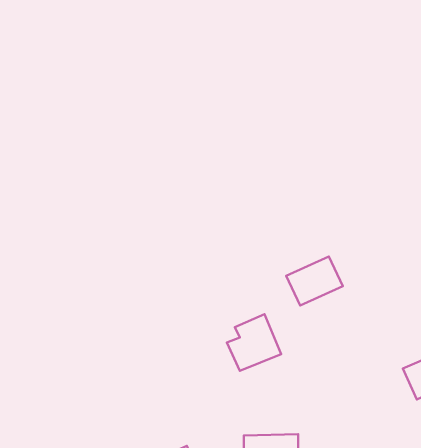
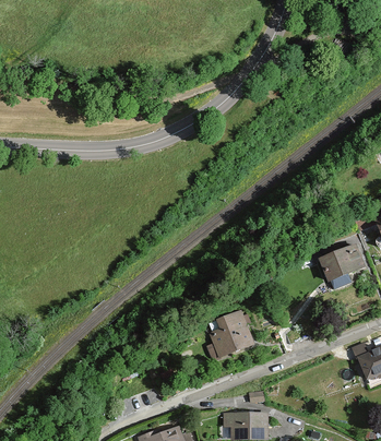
building: [286,256,343,306] -> [318,242,366,284]

